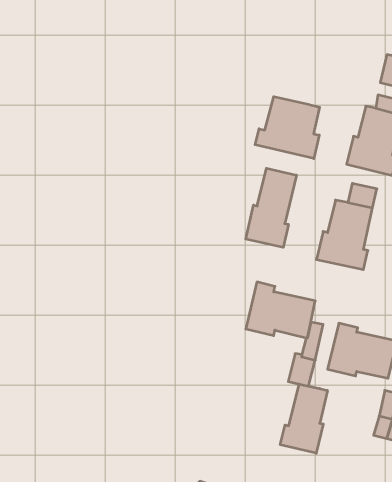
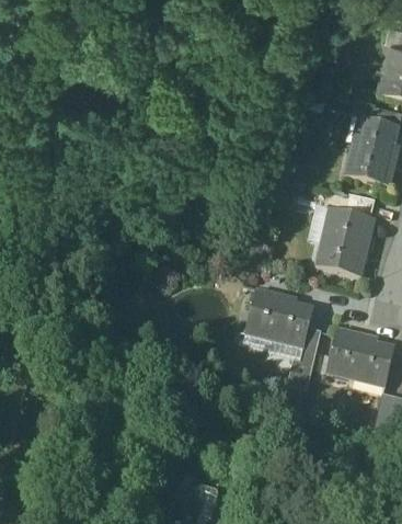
building: [255,97,320,159] -> none
building: [246,168,296,247] -> none
building: [280,384,327,453] -> none

